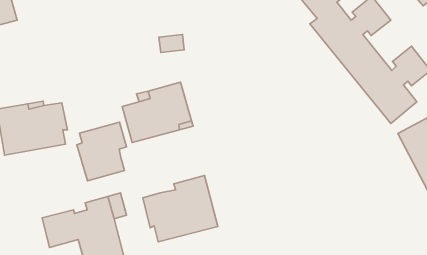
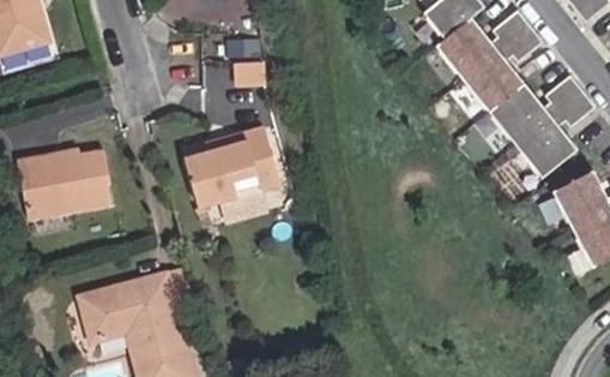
building: [77,122,126,181] -> none
building: [143,176,218,242] -> none

